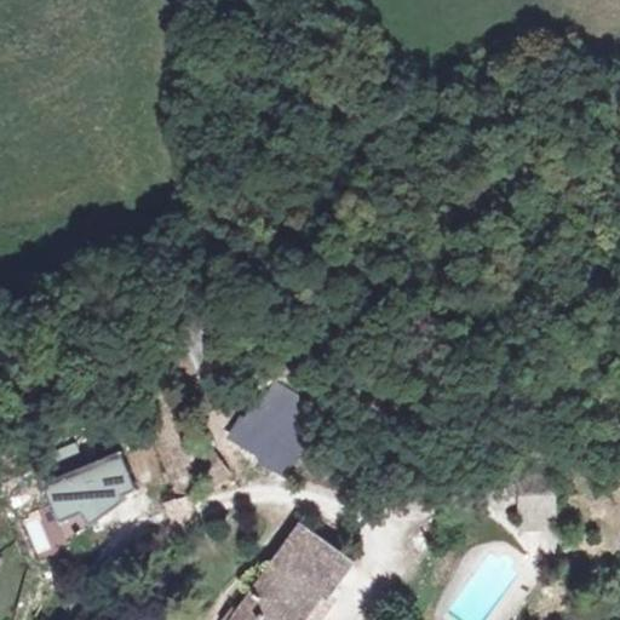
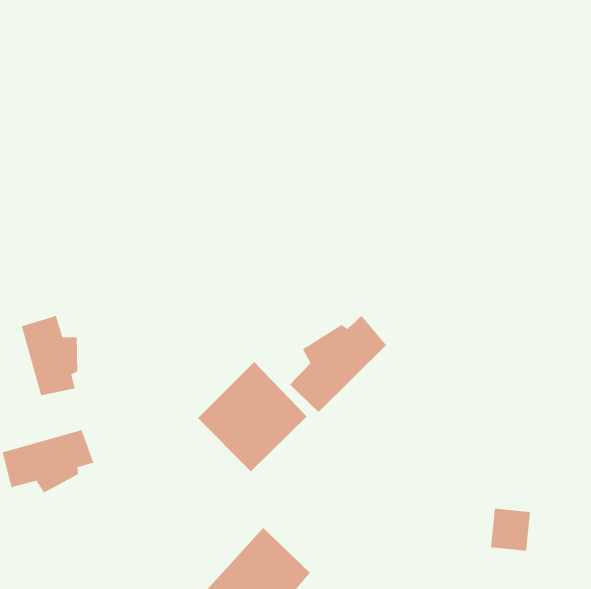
building: none -> [289,315,387,413]
building: none -> [21,315,78,396]

